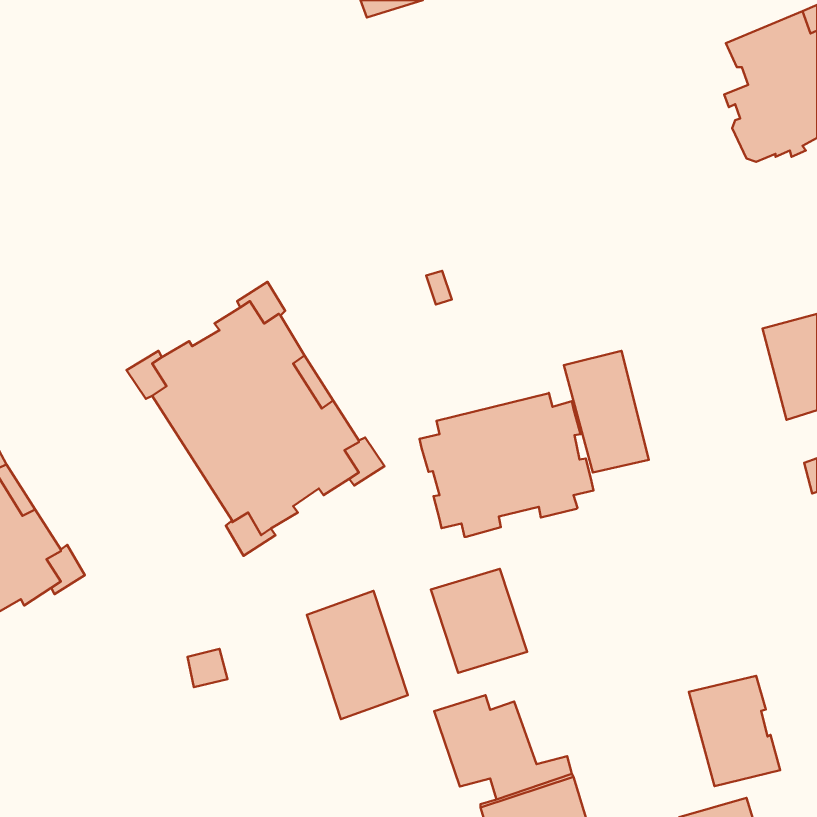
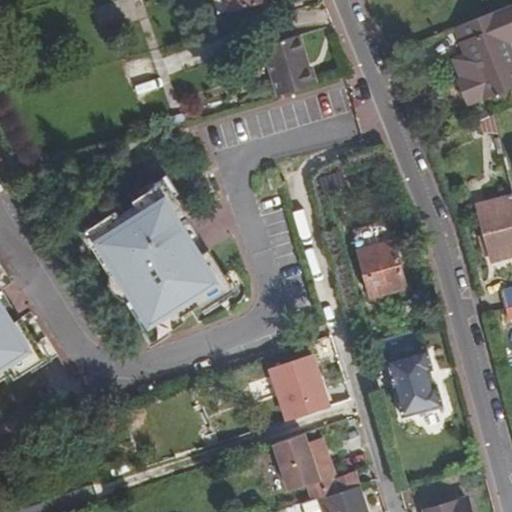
building: none -> [263,37,312,97]
building: [420,393,594,537] -> none
building: [307,591,408,719] -> none
building: [689,676,780,786] -> [384,348,441,417]

